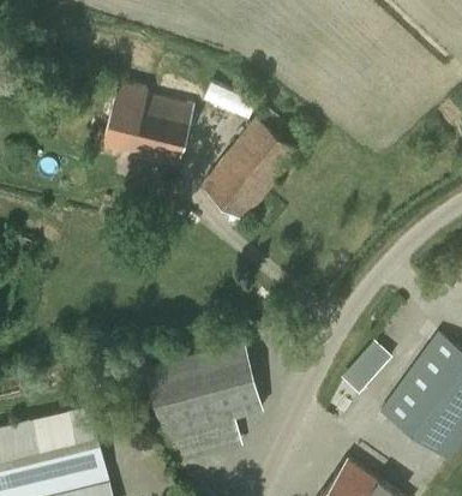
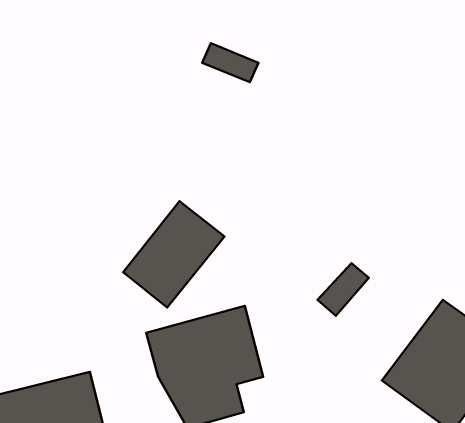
building: [102,83,192,165] -> none
building: [200,118,300,222] -> [123,201,225,308]
building: [341,342,391,394] -> [317,263,369,316]

